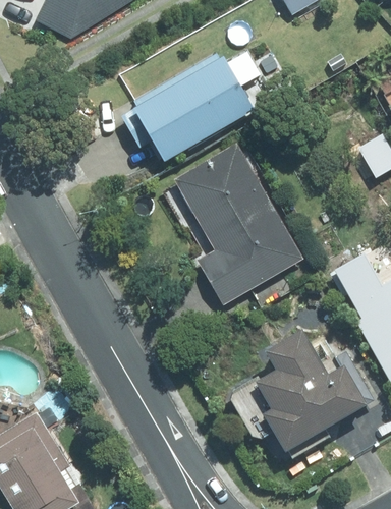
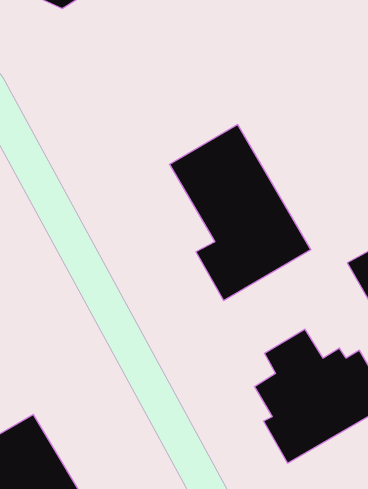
building: [133,55,255,161] -> none

